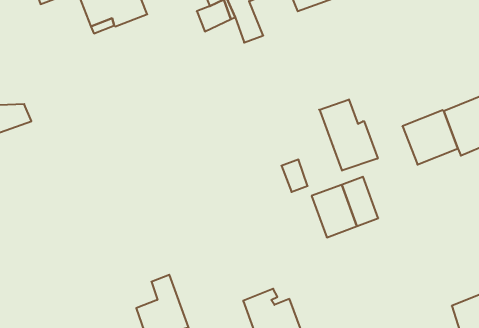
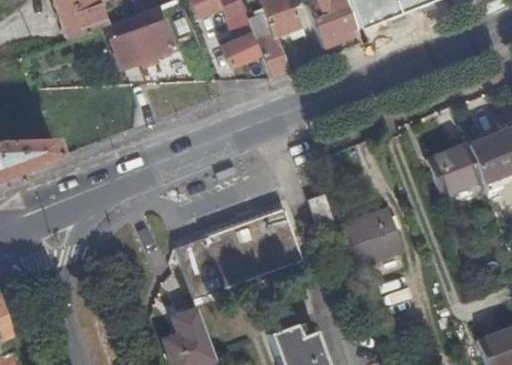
building: [319,99,378,171] -> none
building: none -> [174,208,303,299]

